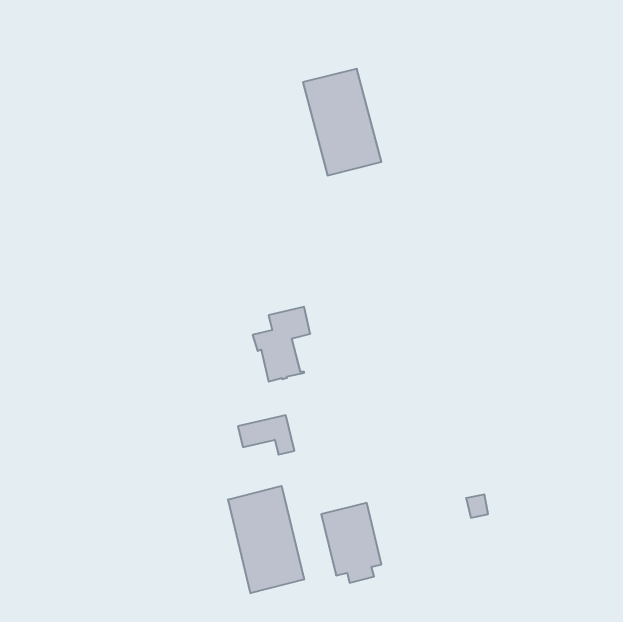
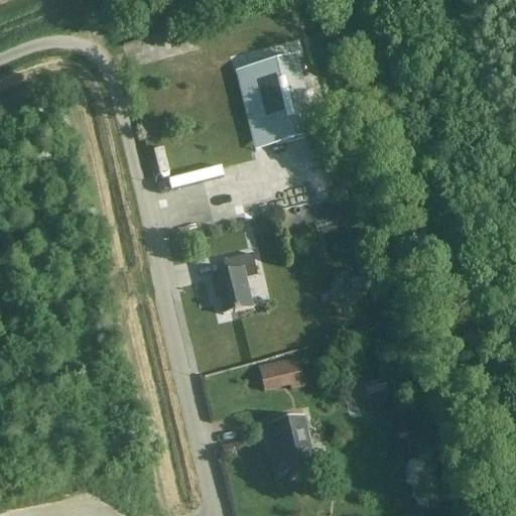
building: [238,415,294,455] -> [255,355,301,387]
building: [228,486,304,593] -> none

